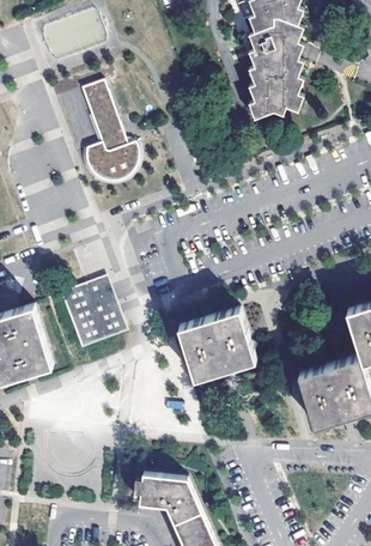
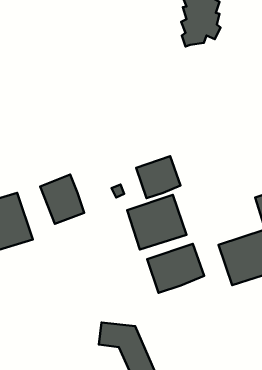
building: [78,77,140,184] -> none
building: none -> [136,156,180,198]
building: none -> [147,244,204,293]

